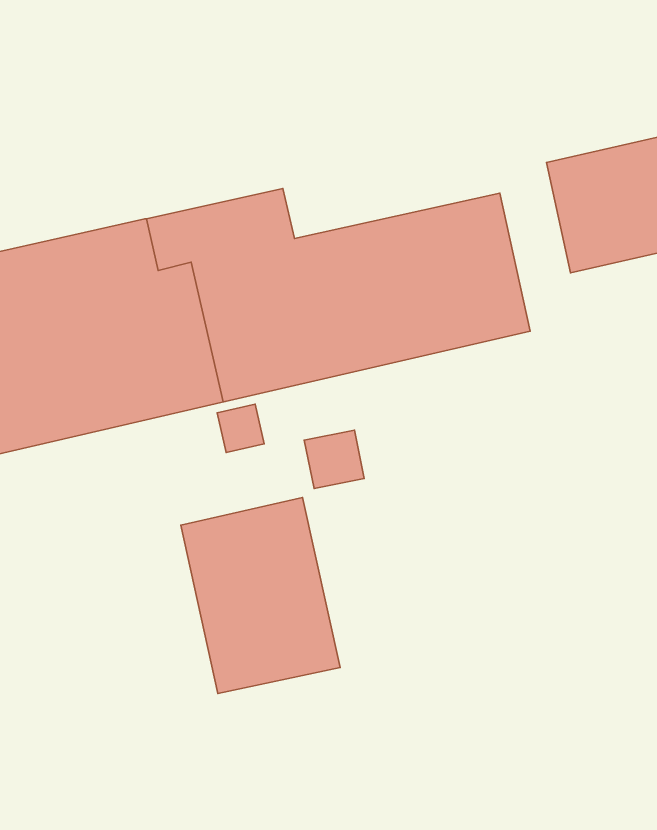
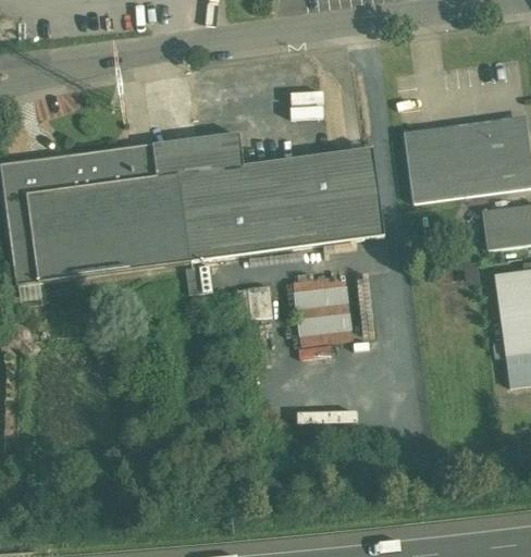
building: none -> [293,277,354,359]
building: [181,497,340,694] -> none

